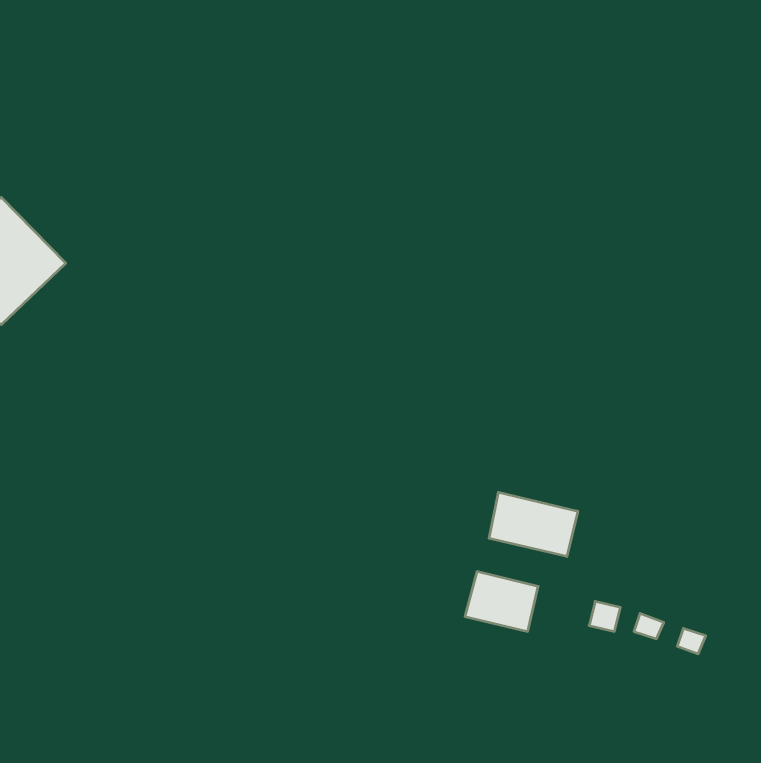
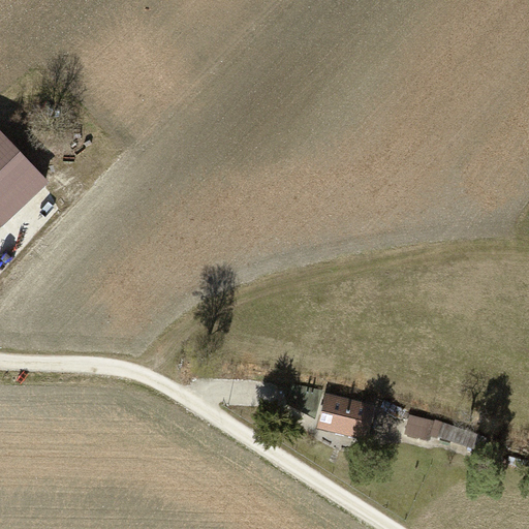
building: [489,492,578,557] -> none

